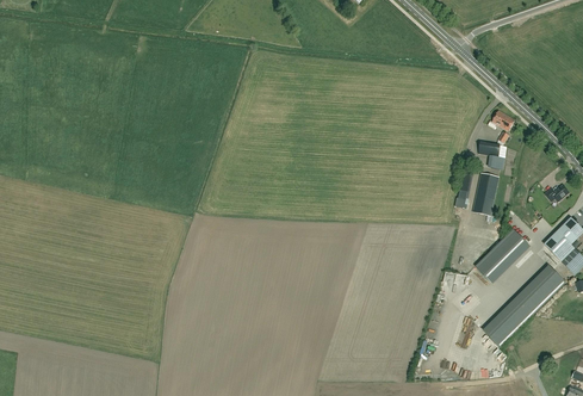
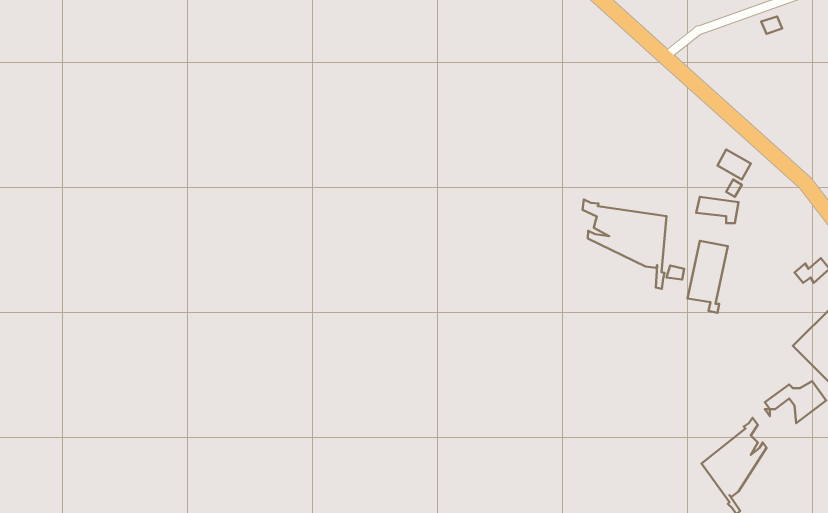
building: none -> [583,200,667,289]
building: [475,227,531,289] -> none

